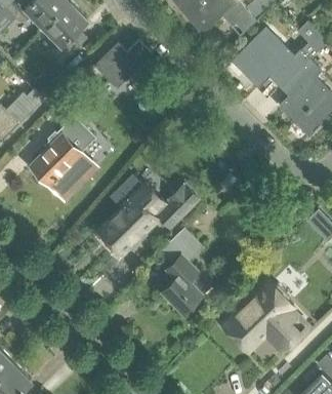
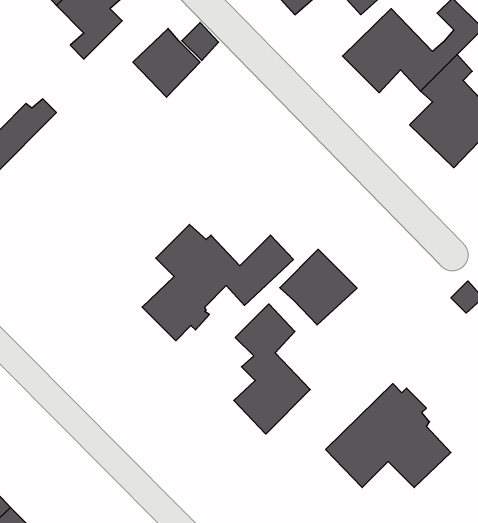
building: [34,116,96,204] -> none
building: none -> [280,249,357,325]

